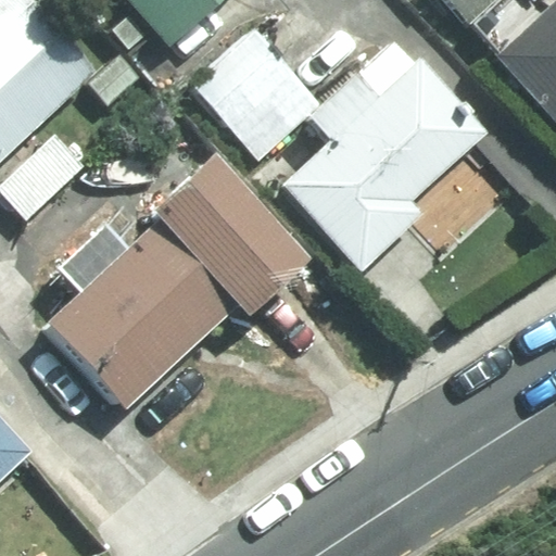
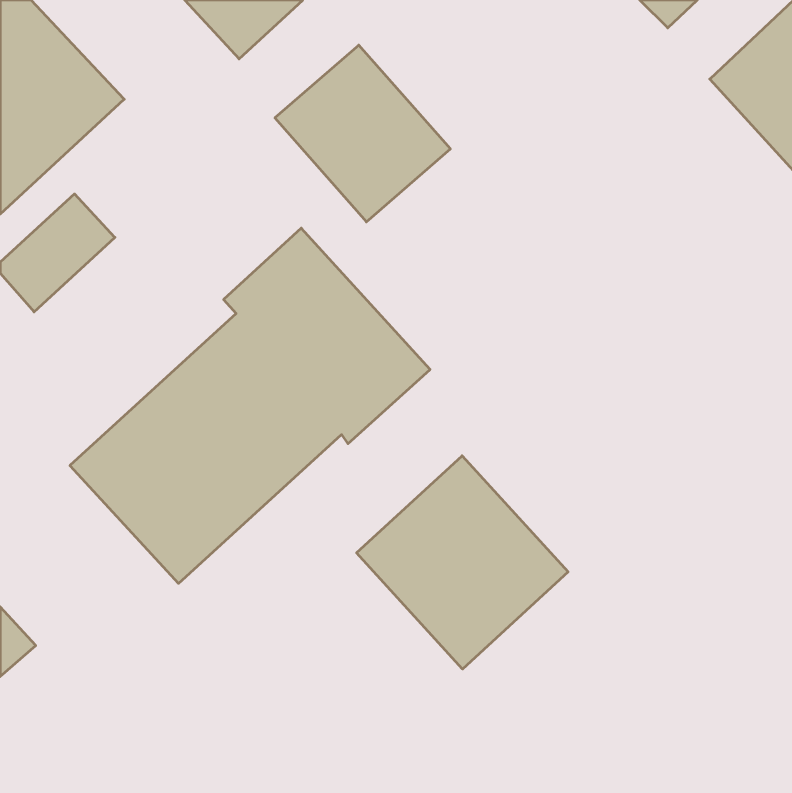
building: [281,59,484,266] -> none
building: none -> [357,456,568,669]

